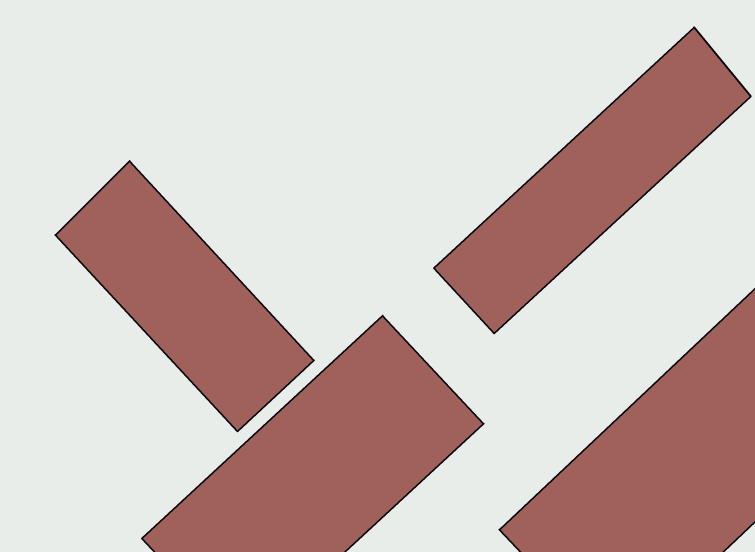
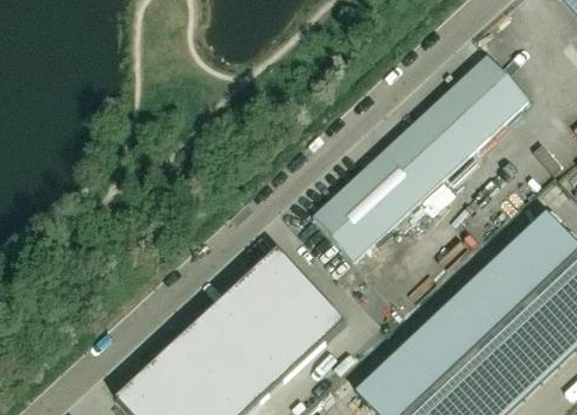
building: [55,161,314,431] -> none

